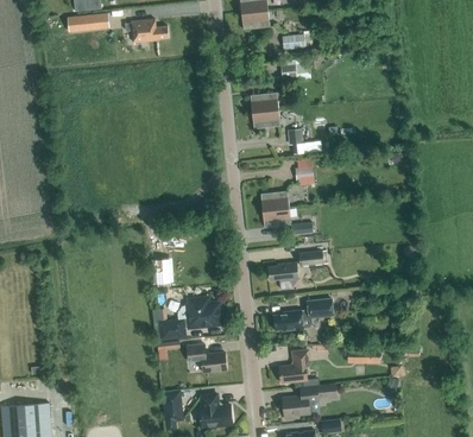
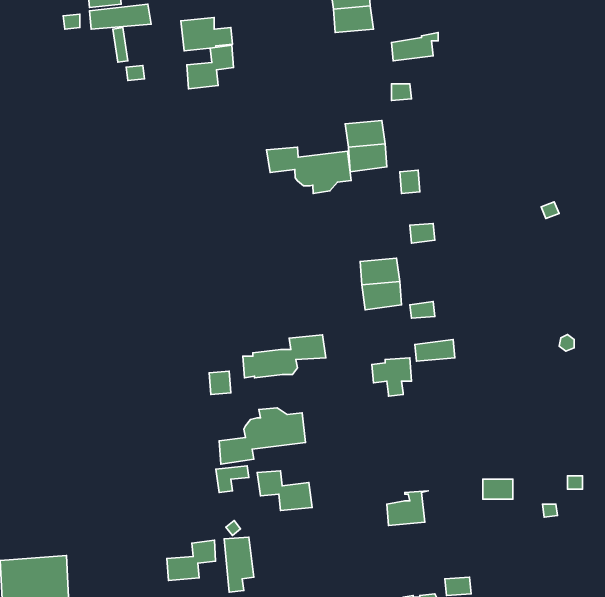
building: none -> [187,45,233,89]
building: none -> [266,147,351,193]
building: [273,298,333,329] -> [243,335,326,378]
building: [282,382,338,417] -> none
building: none -> [167,540,216,581]
building: [198,392,232,426] -> none

